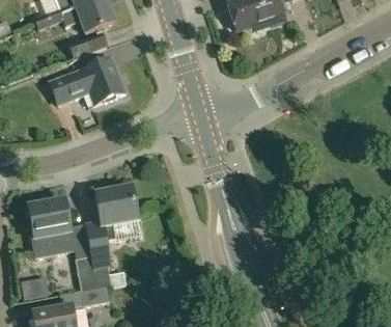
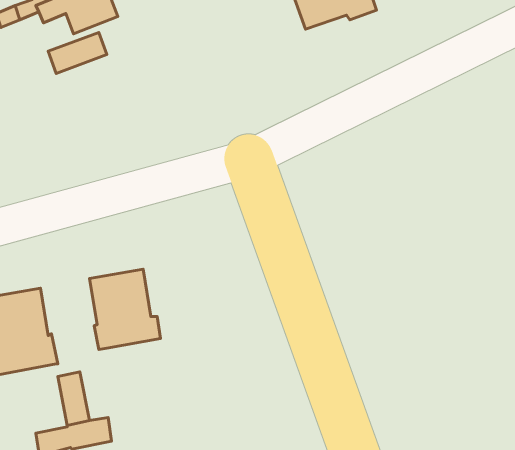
building: [48,56,124,105] -> none
building: [84,223,111,285] -> none

